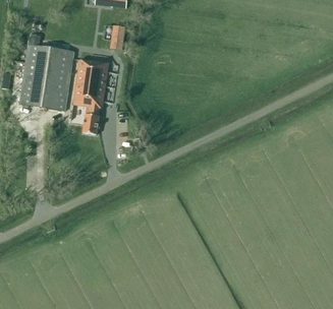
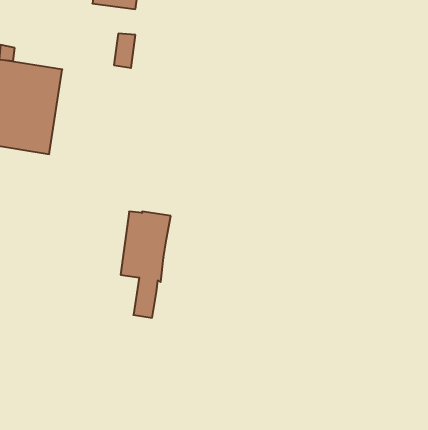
building: [73,59,109,134] -> [121,212,171,318]

